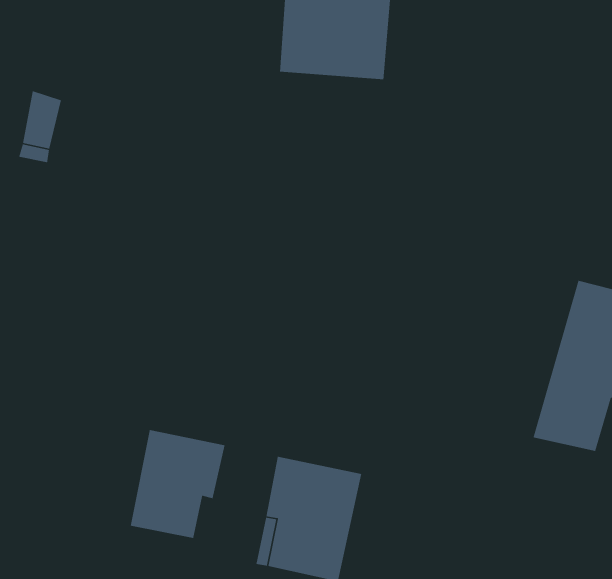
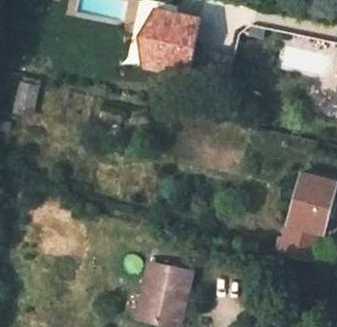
building: [130,429,225,539] -> none

